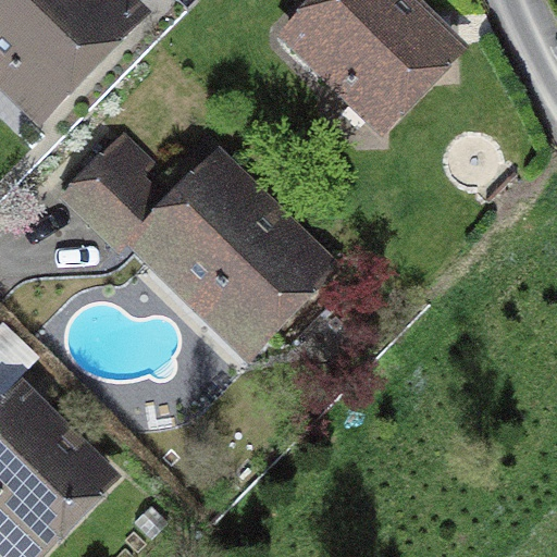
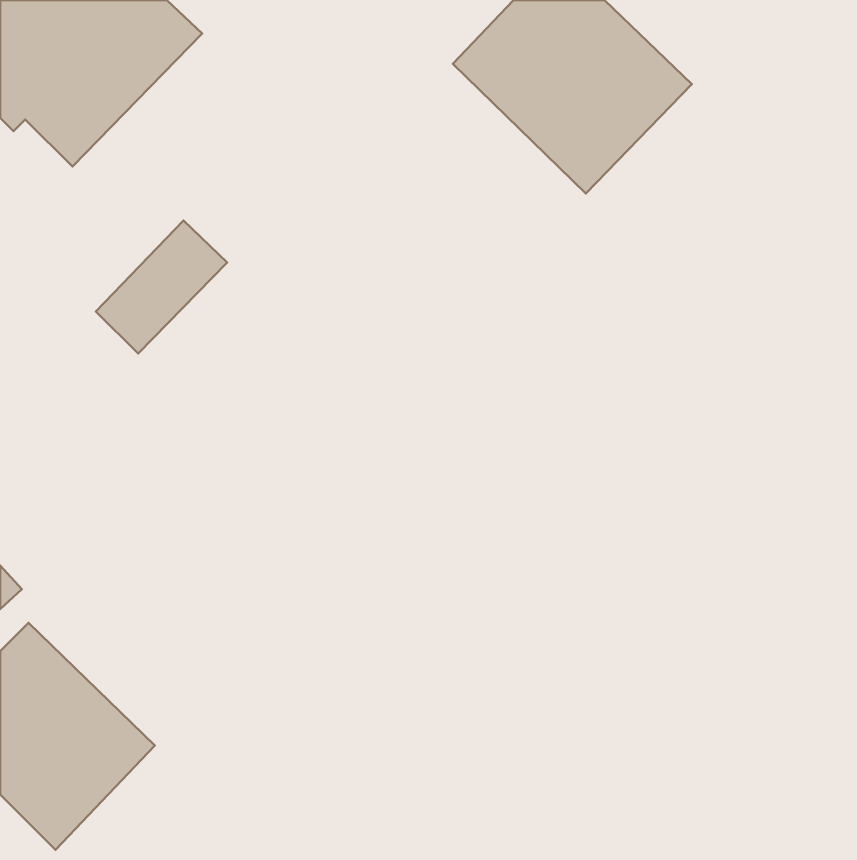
building: [140,169,325,339] -> none

